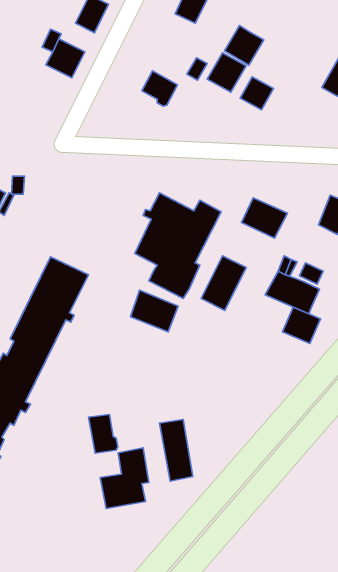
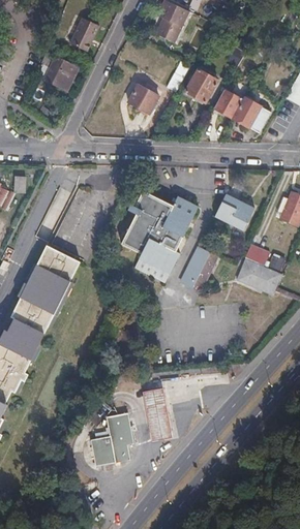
building: [225,25,264,65] -> none
building: none -> [232,97,269,132]
building: [130,290,178,332] -> none
building: [283,307,320,344] -> none
building: [89,414,118,453] -> none

